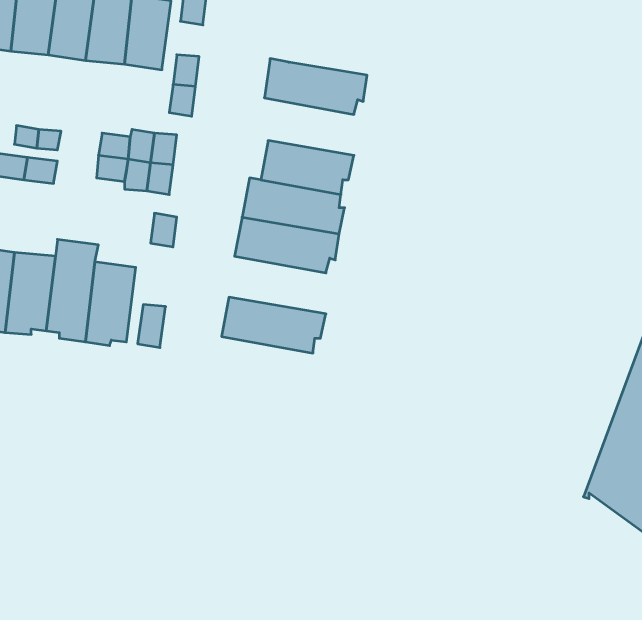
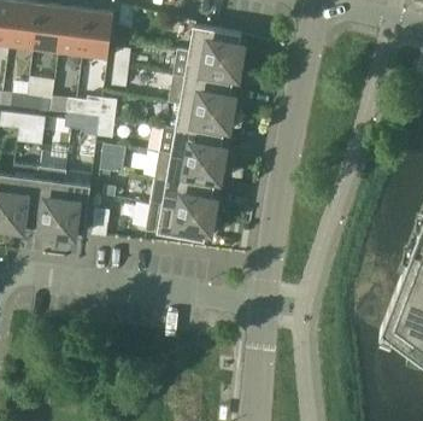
building: none -> [189,27,243,62]
building: none -> [169,76,234,113]
building: none -> [151,179,216,216]

